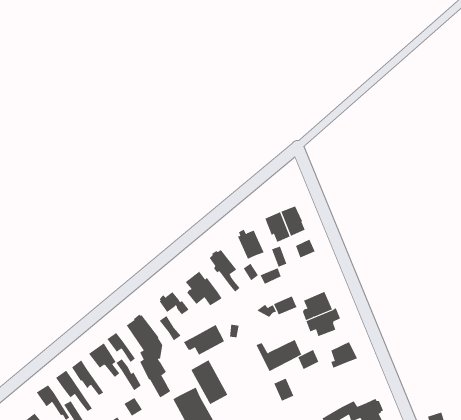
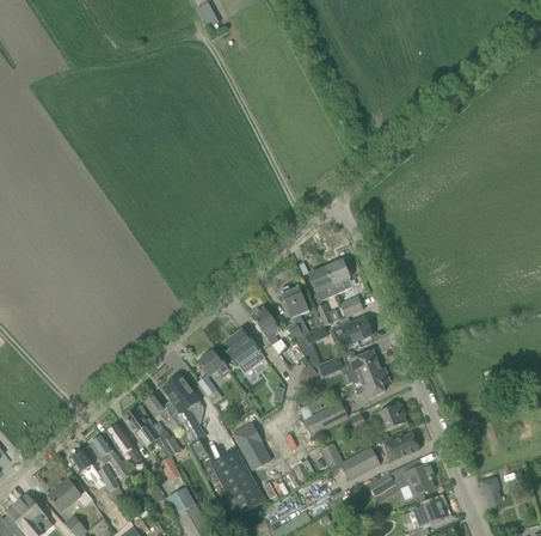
building: none -> [330,316,371,343]
building: [183,324,225,356] -> none
building: none -> [383,433,419,461]
building: none -> [339,446,380,480]

